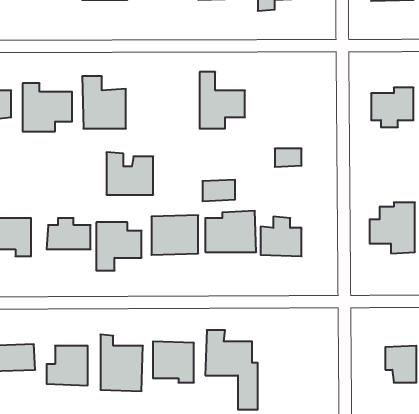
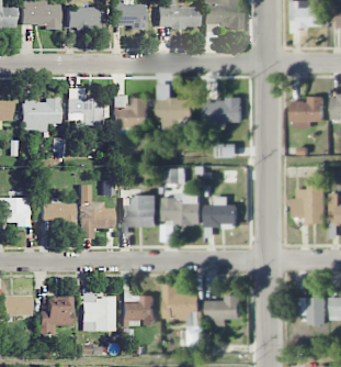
building: none -> [203,100,241,123]
building: [106,152,153,195] -> [112,94,148,127]
building: none -> [205,296,240,326]

